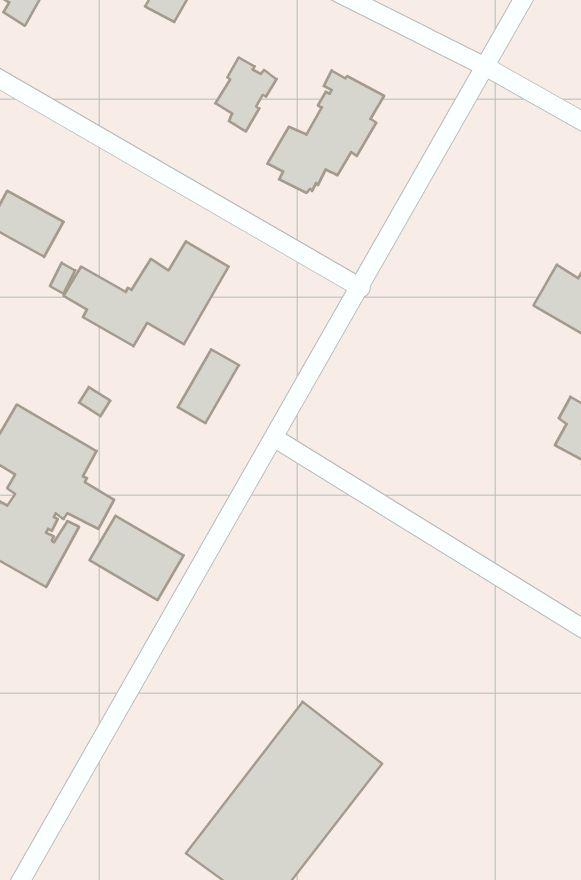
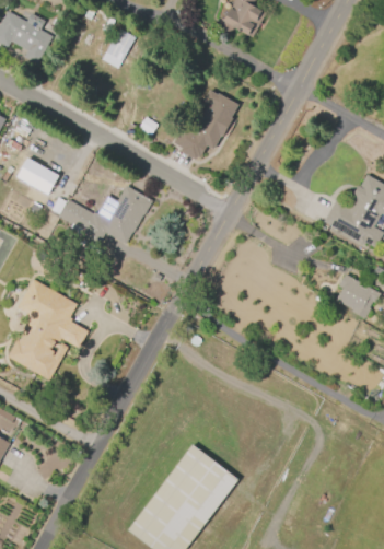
building: [215,58,277,131] -> none
building: [178,349,239,423] -> none
building: [90,516,184,600] -> none

